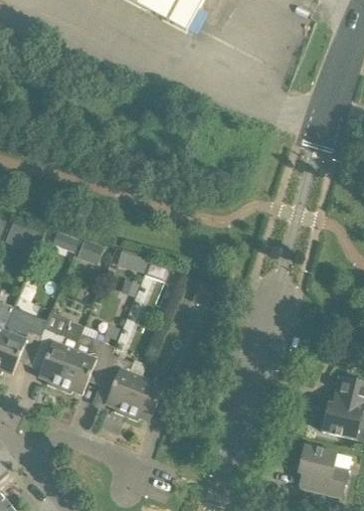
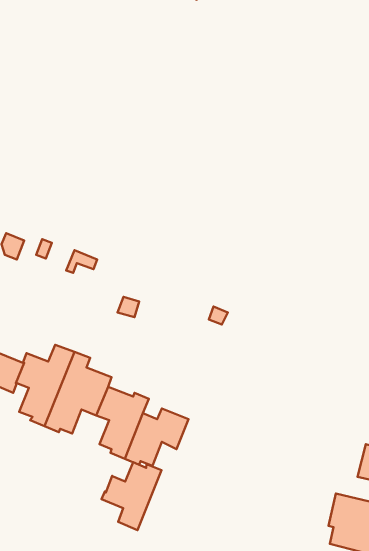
building: [111,246,147,273] -> none
building: none -> [102,462,161,530]

